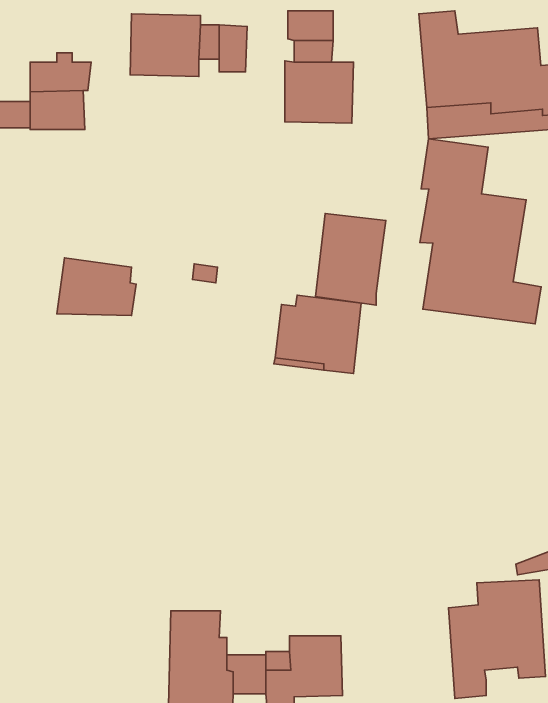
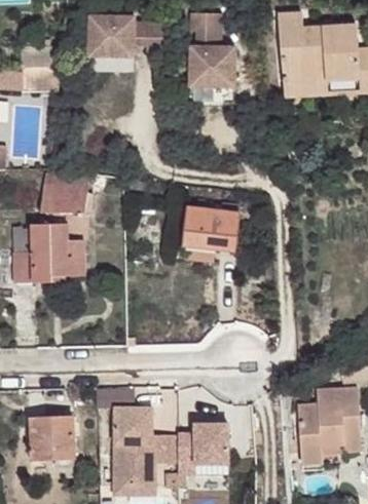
building: [420,139,541,324] -> none
building: [316,214,386,305] -> none
building: none -> [14,224,84,283]
building: none -> [30,417,75,460]

